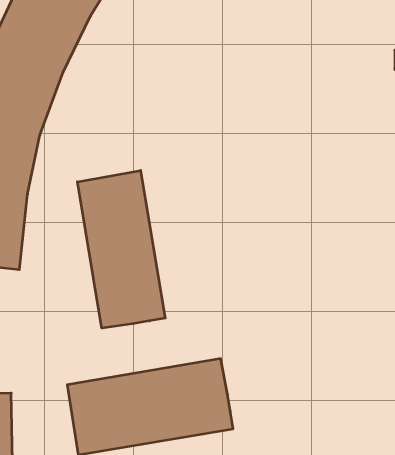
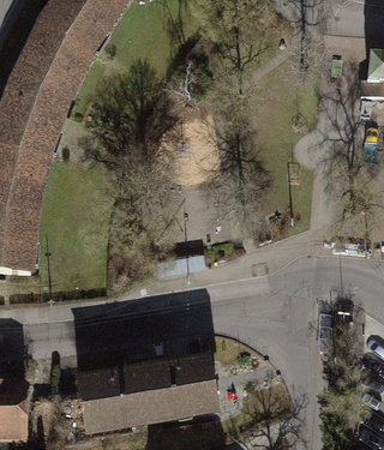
building: [77,170,165,328] -> none

